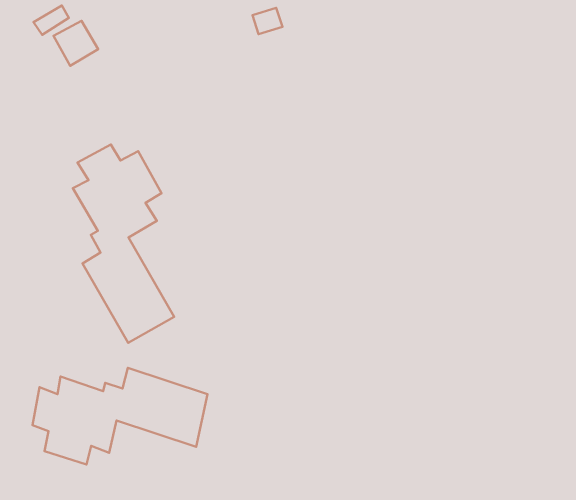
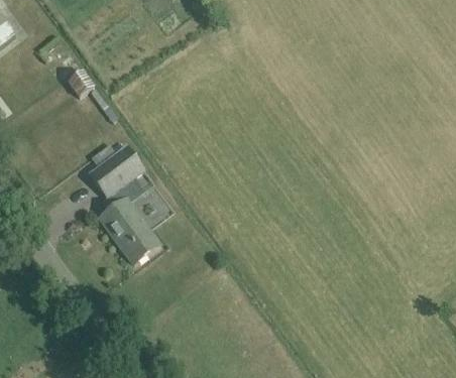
building: [32,368,208,464] -> none

